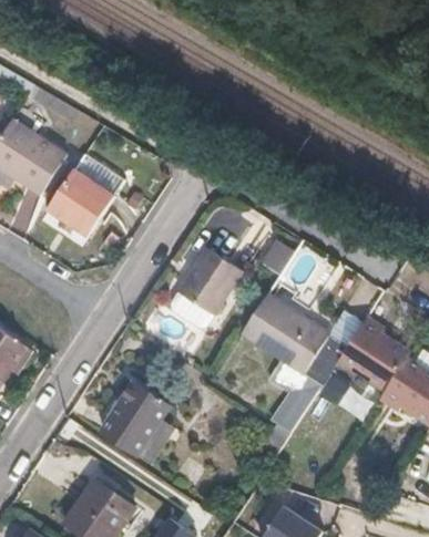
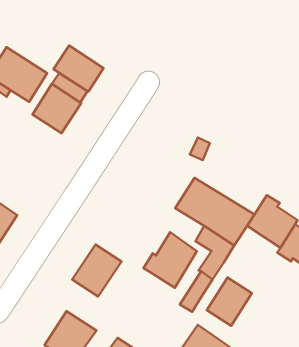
building: none -> [53,45,104,92]
building: [177,254,242,319] -> none
building: none -> [144,232,197,288]
building: none -> [207,278,252,326]

